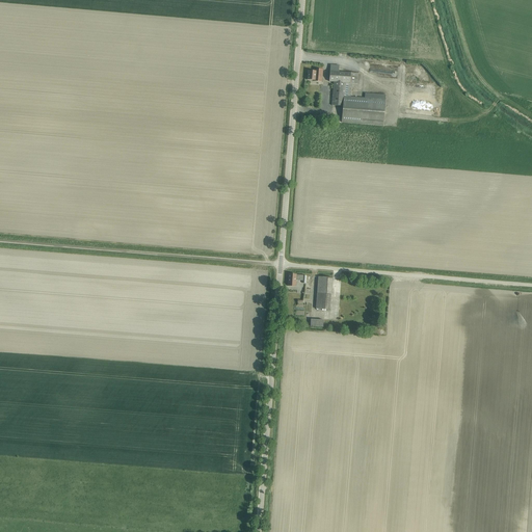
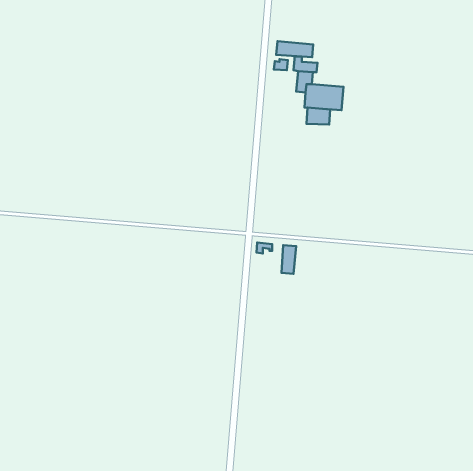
building: none -> [276,41,313,57]
building: none -> [306,108,330,124]

